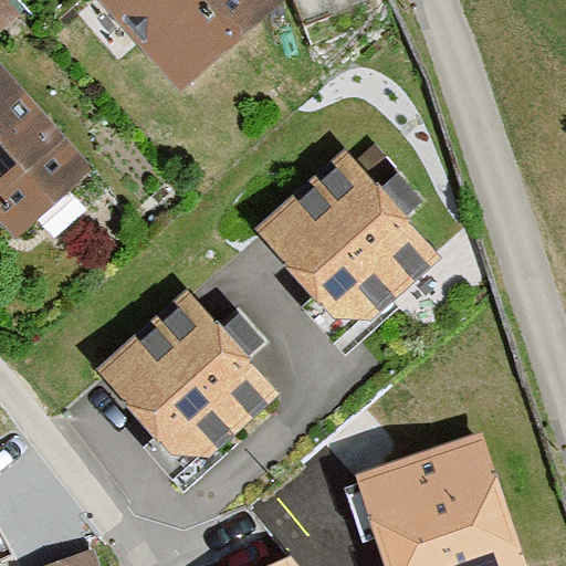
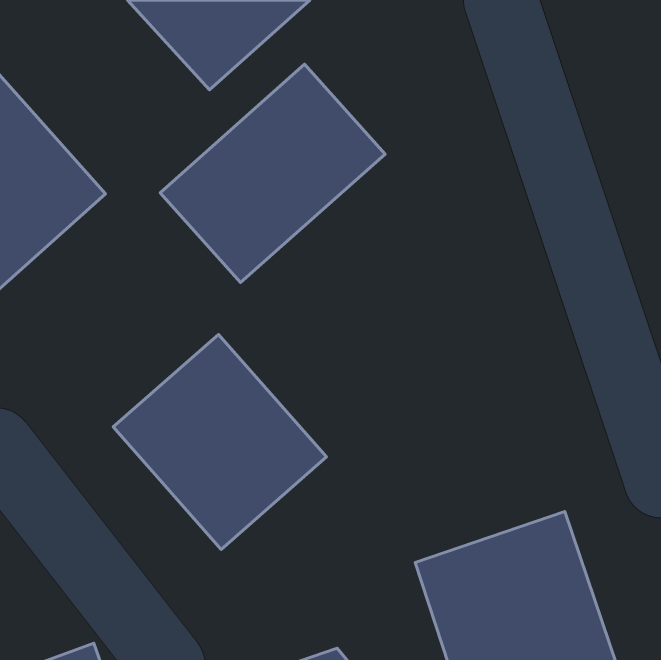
building: none -> [160,64,385,282]
building: [256,149,438,332] -> none

